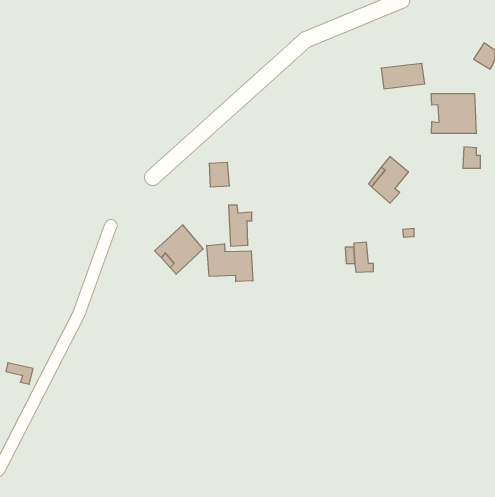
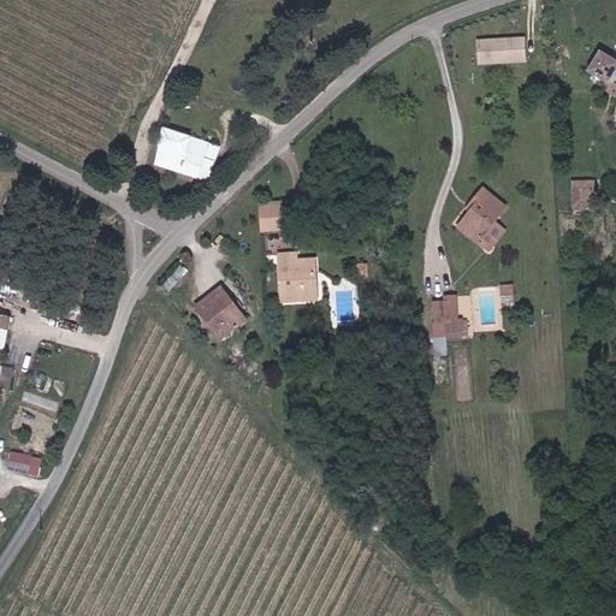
building: [381,63,425,89] -> [473,34,527,65]
building: [431,94,476,134] -> none
building: none -> [148,128,215,174]
building: [207,244,253,282] -> none

